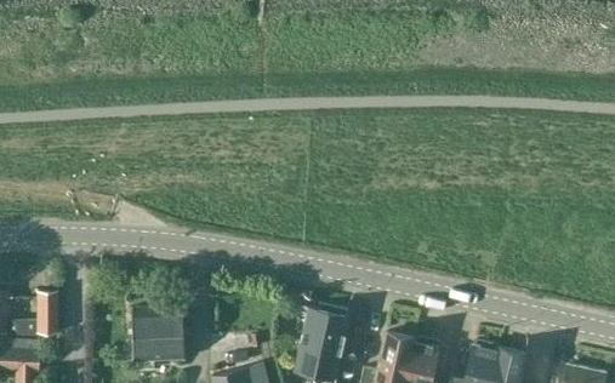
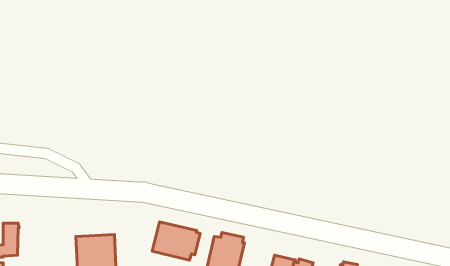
building: none -> [152,222,200,260]

